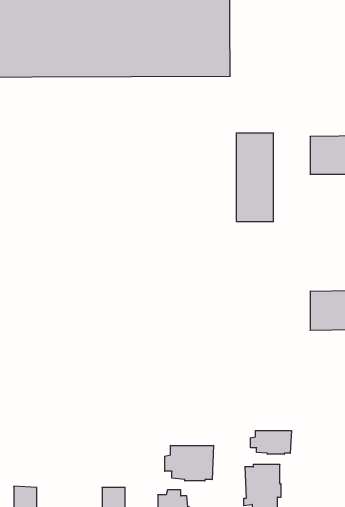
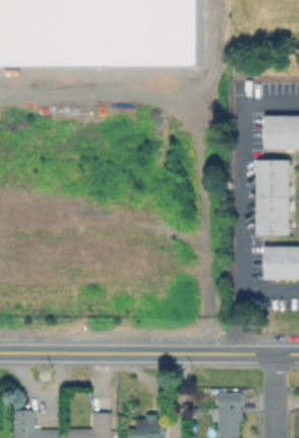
building: [236,133,274,221] -> [255,160,287,234]
building: [251,431,291,454] -> none
building: [165,445,214,481] -> none

